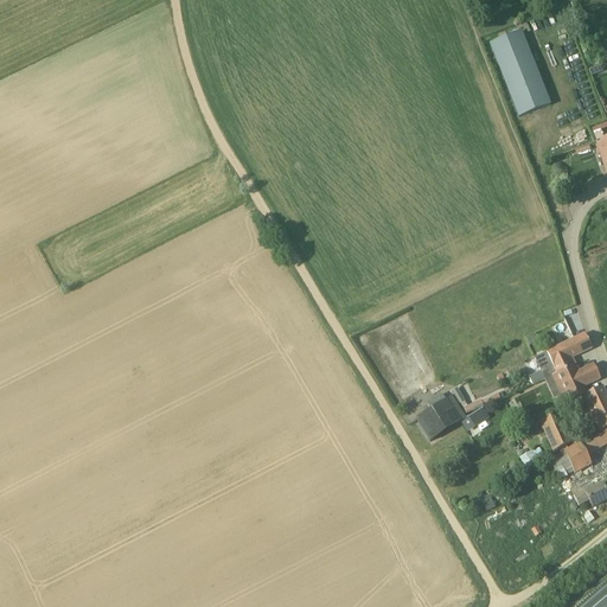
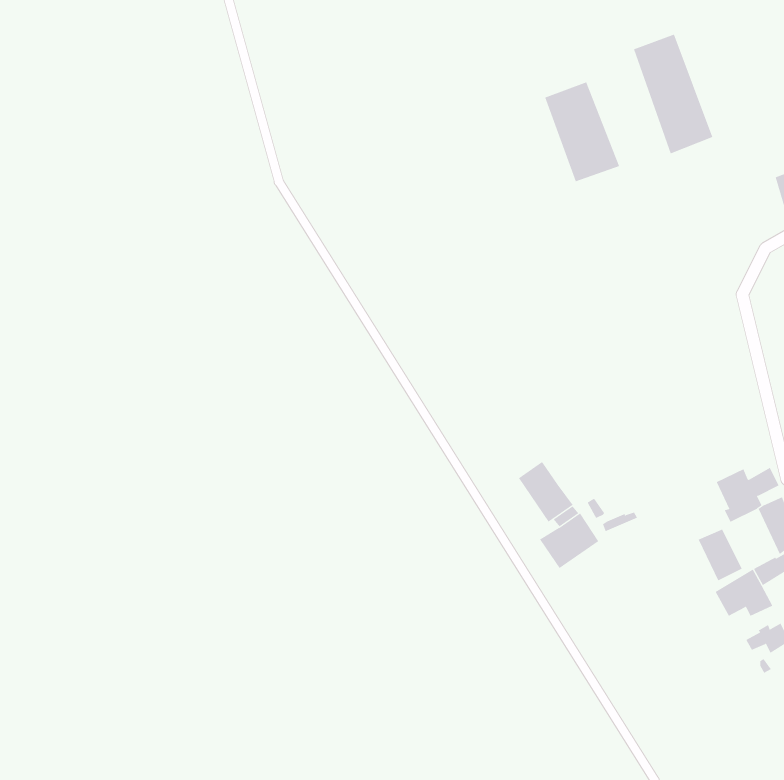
building: none -> [544,82,620,182]
building: [531,330,594,379] -> none
building: none -> [518,461,573,522]

